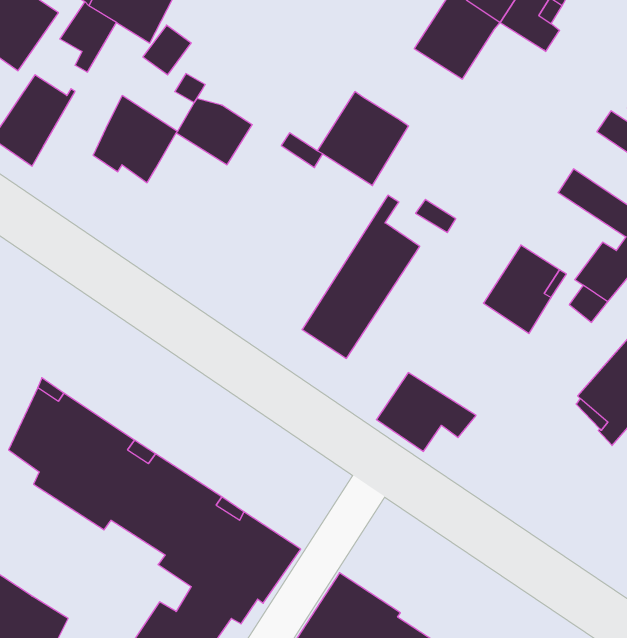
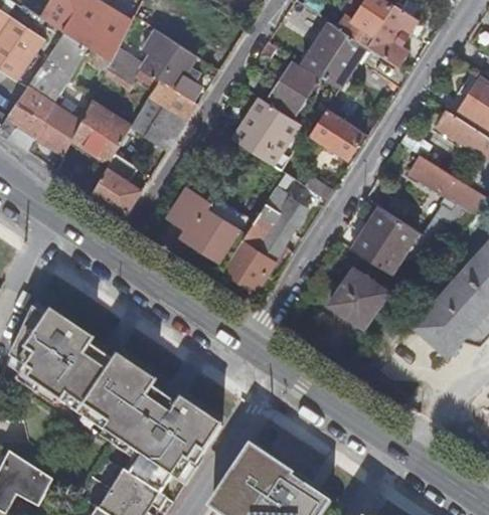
building: none -> [142,33,202,120]
building: none -> [267,63,317,117]
building: none -> [34,96,82,156]
building: none -> [312,109,358,151]
building: none -> [91,152,142,216]
building: none -> [169,188,251,260]
building: [376,373,476,451] -> [331,269,403,326]

